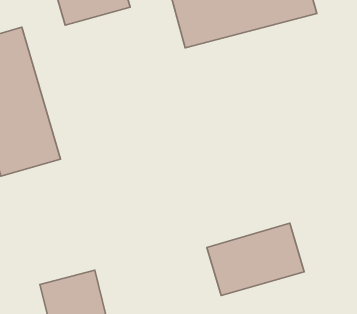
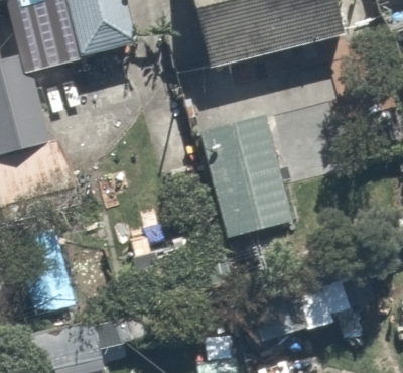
building: none -> [203,111,292,233]

